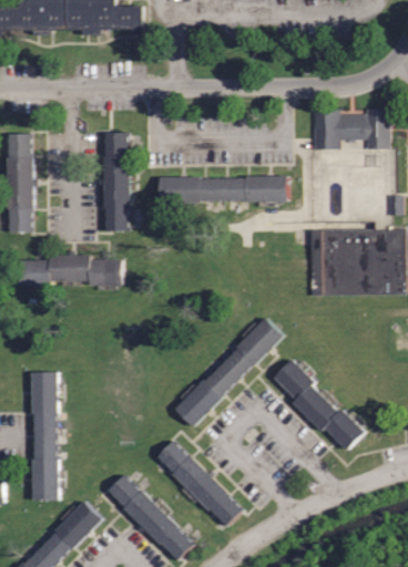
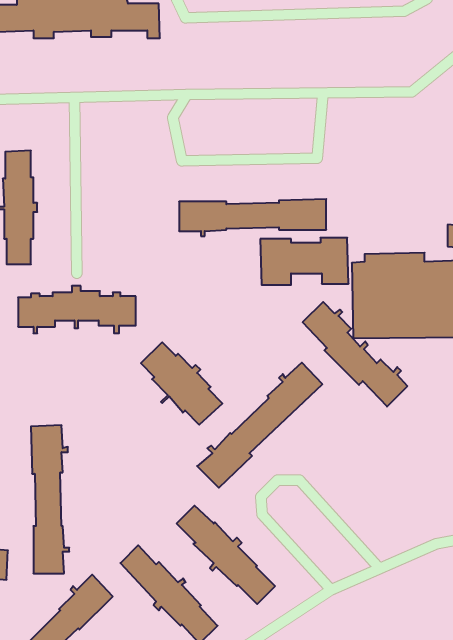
building: [313,109,389,150] -> [260,238,349,285]
building: [99,131,134,231] -> none
building: none -> [141,342,222,425]
building: [274,359,365,450] -> [303,302,407,407]

